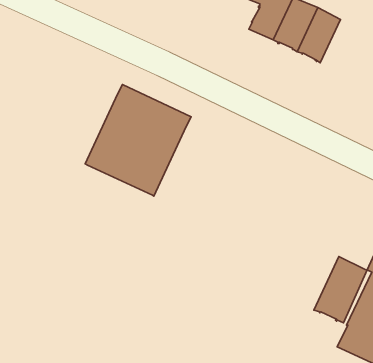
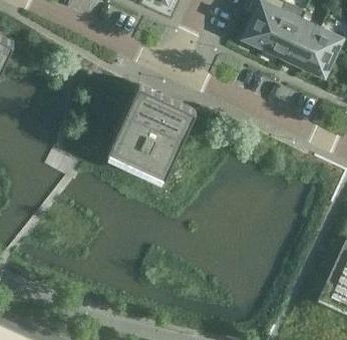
building: none -> [302,30,340,75]
building: [314,256,367,323] -> none

